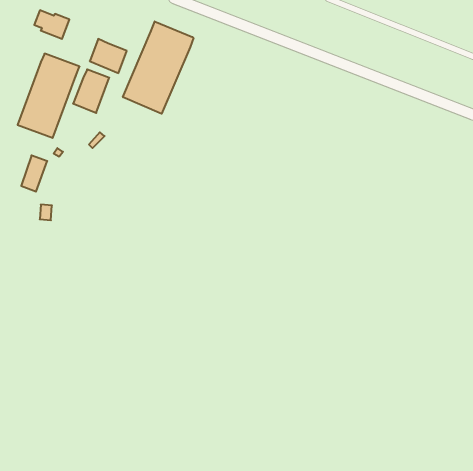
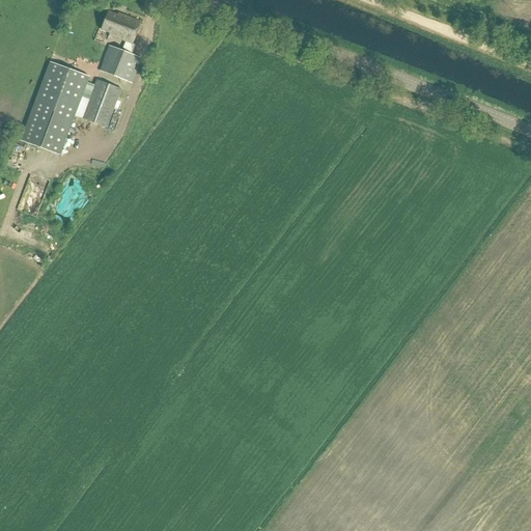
building: [34,10,69,39] -> [102,9,141,41]
building: [123,21,193,114] -> none

